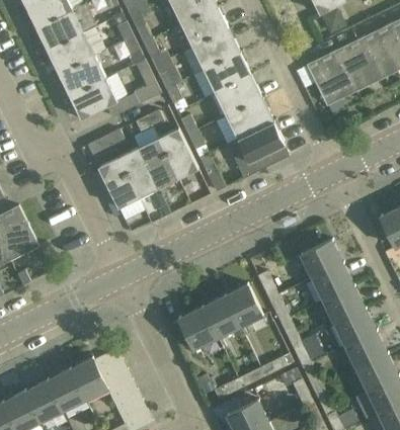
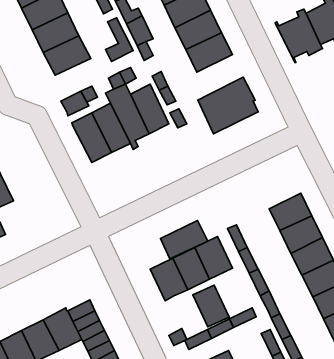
building: [225,97,272,139] -> none
building: none -> [160,220,208,259]
building: none -> [193,285,229,327]

